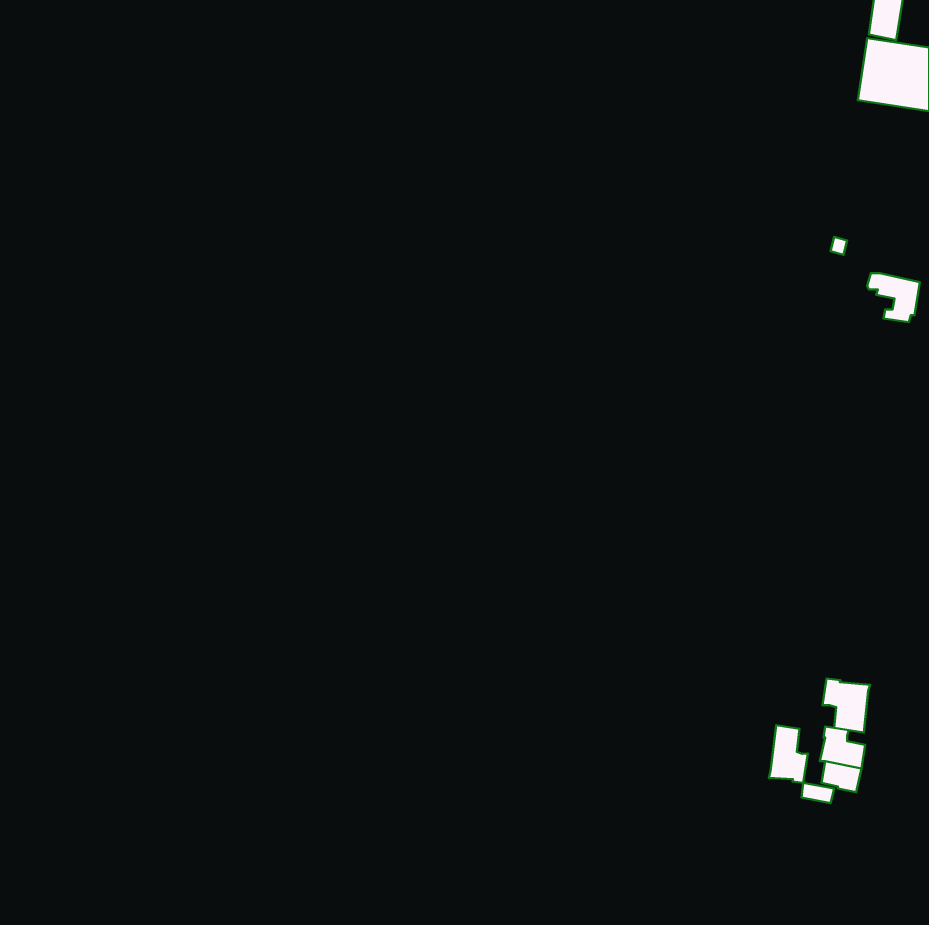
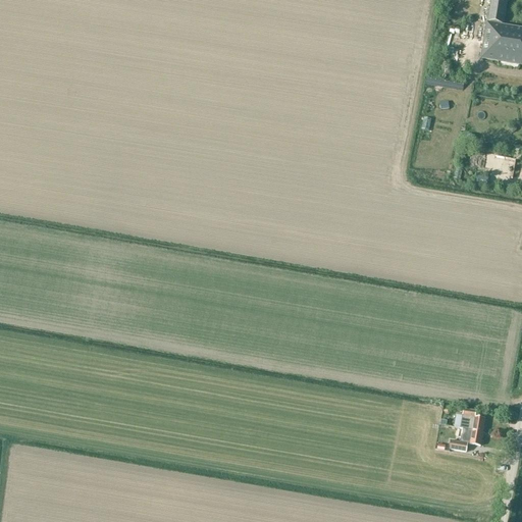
building: [822,678,870,732] -> none
building: [769,725,808,783] -> none

